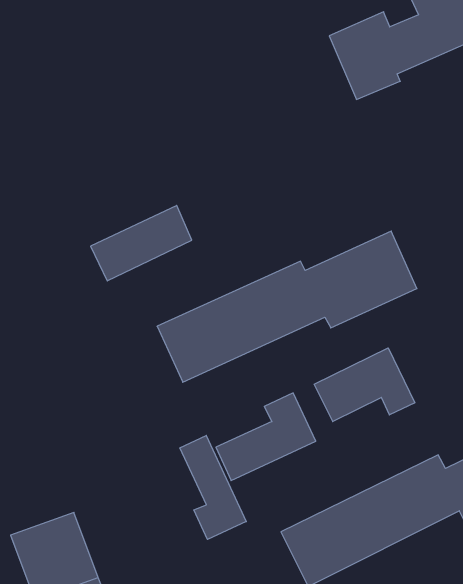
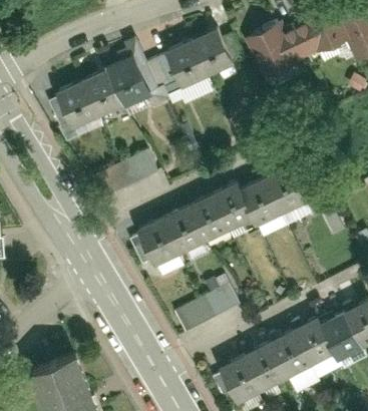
building: none -> [50,34,230,129]
building: [314,348,415,422] -> none
building: [180,435,246,539] -> none

